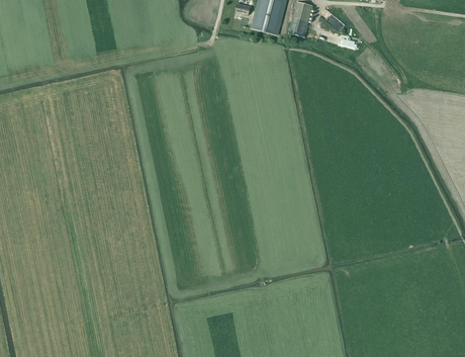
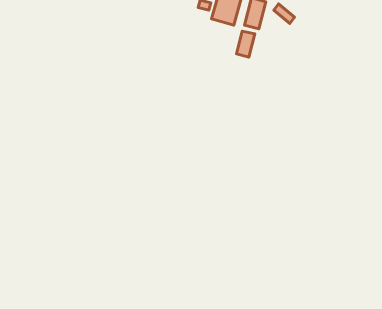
building: none -> [236,31,255,57]

